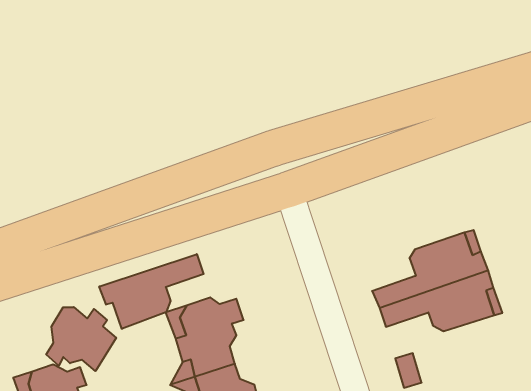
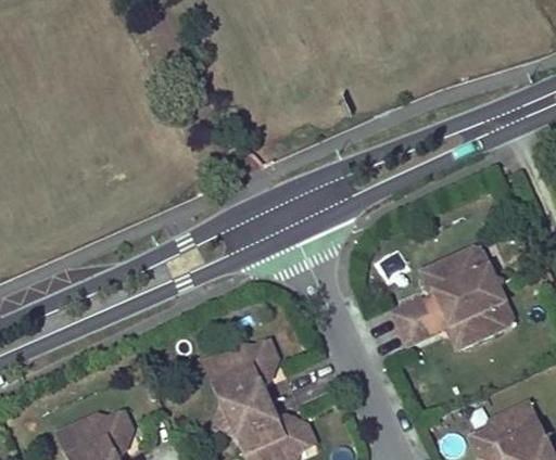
building: [99,254,204,329] -> none
building: [46,307,116,371] -> none

